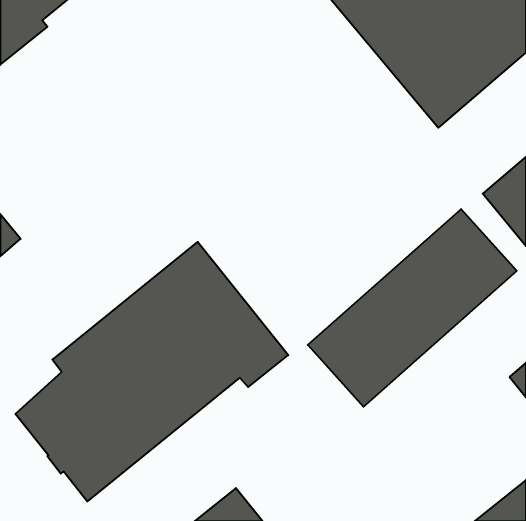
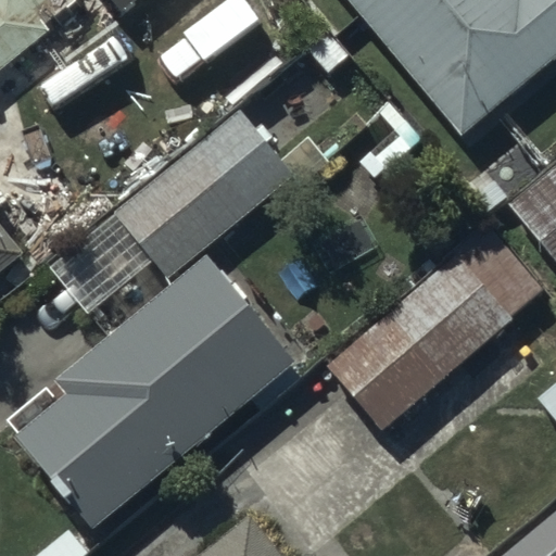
building: none -> [49,110,293,313]

